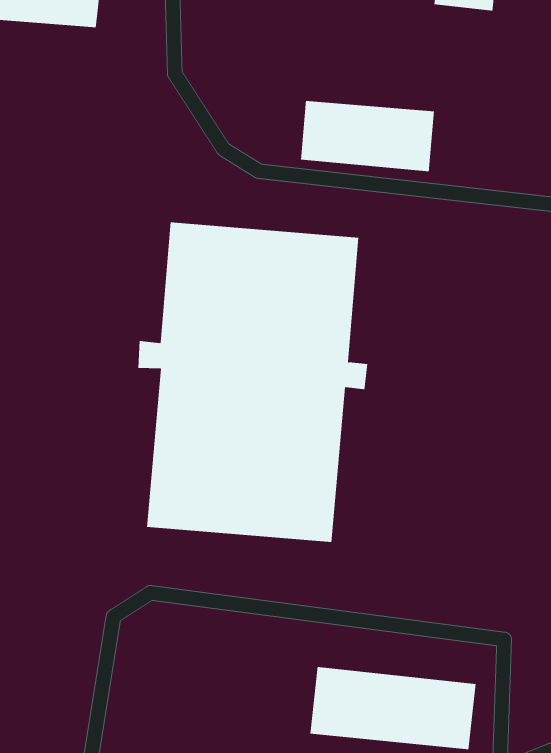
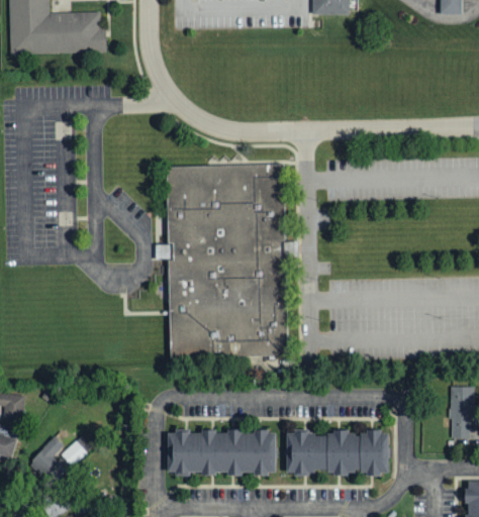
building: [300,100,434,172] -> none
building: none -> [167,430,275,474]

